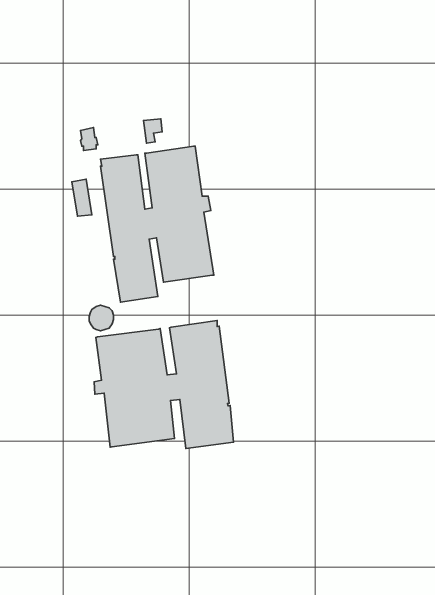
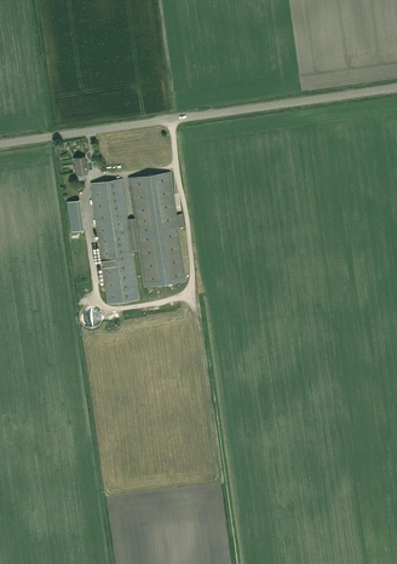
building: [94,320,234,448] -> none

